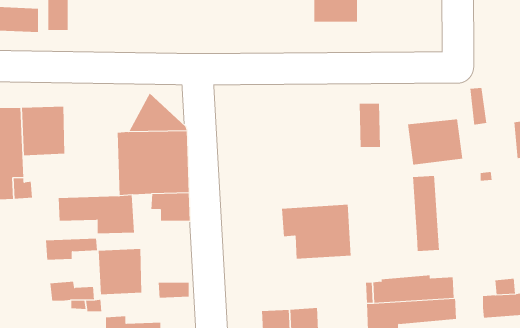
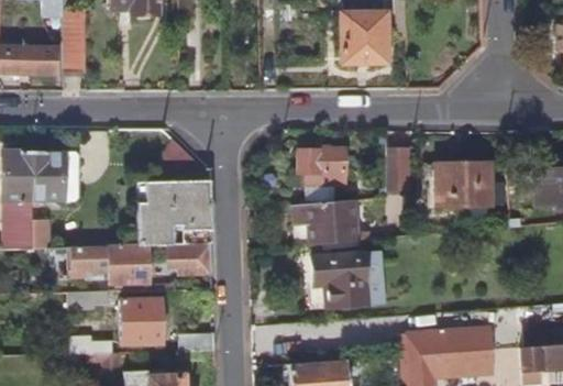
building: none -> [300,151,346,185]
building: none -> [295,200,357,245]
building: [412,175,439,252] -> none

